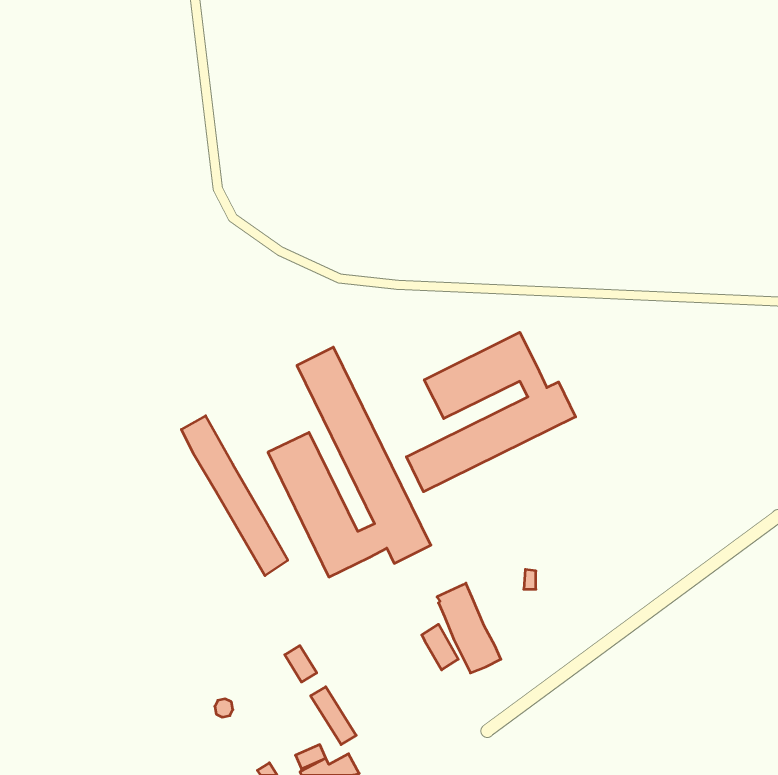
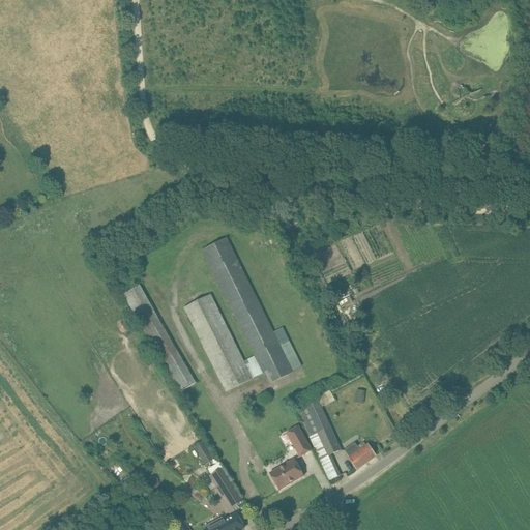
building: [406,332,576,492] -> none
building: none -> [345,441,376,467]
building: none -> [270,458,304,489]

